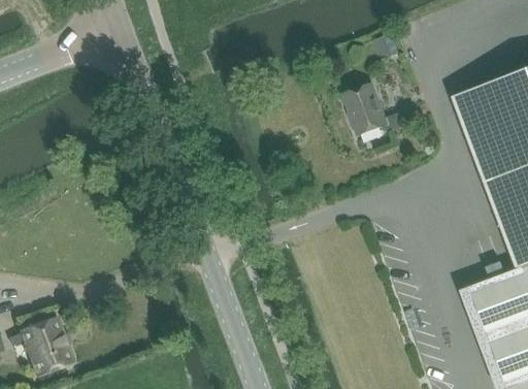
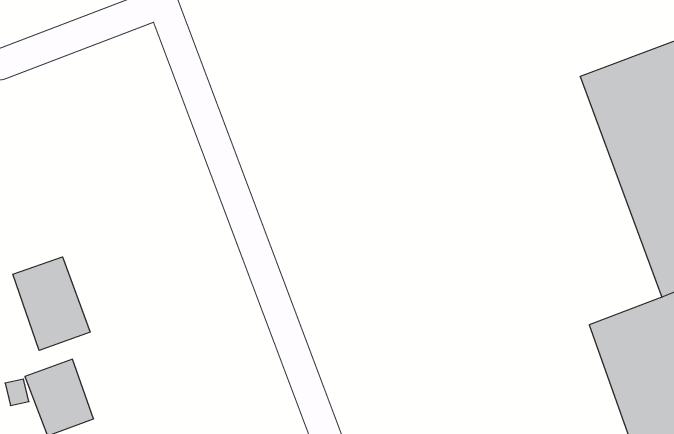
building: [342,80,408,132] -> none
building: none -> [13,257,90,350]

